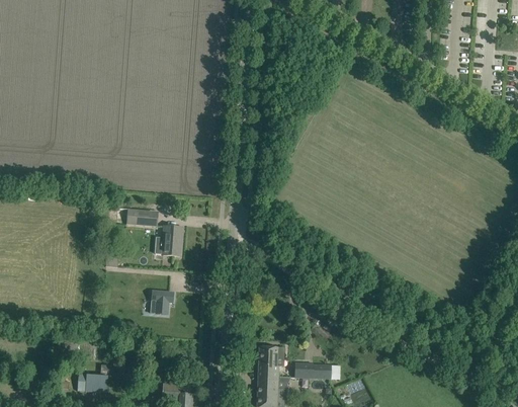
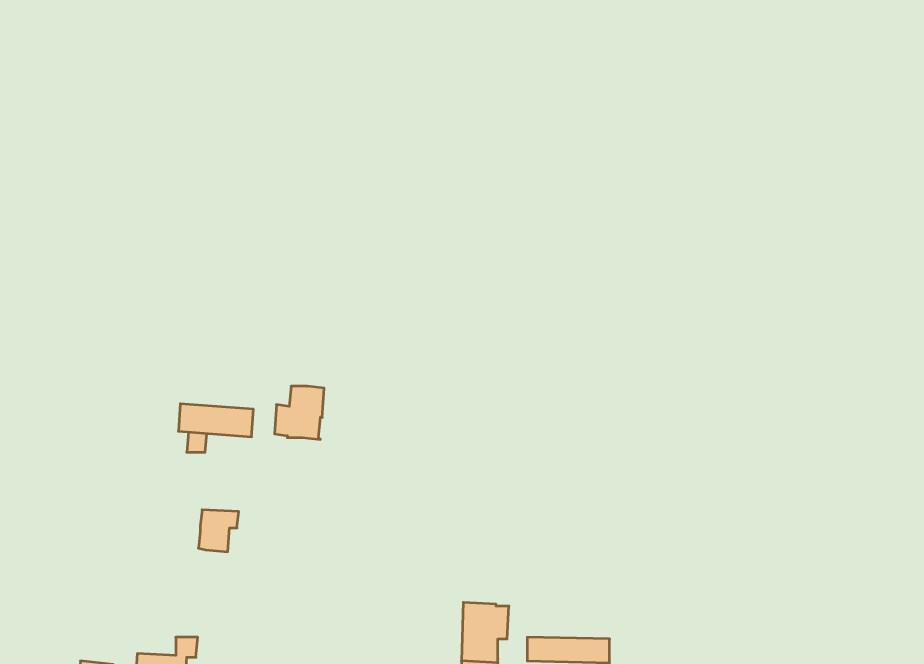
building: [115,208,157,226] -> [178,404,253,437]
building: [151,291,173,314] -> [198,510,239,552]

